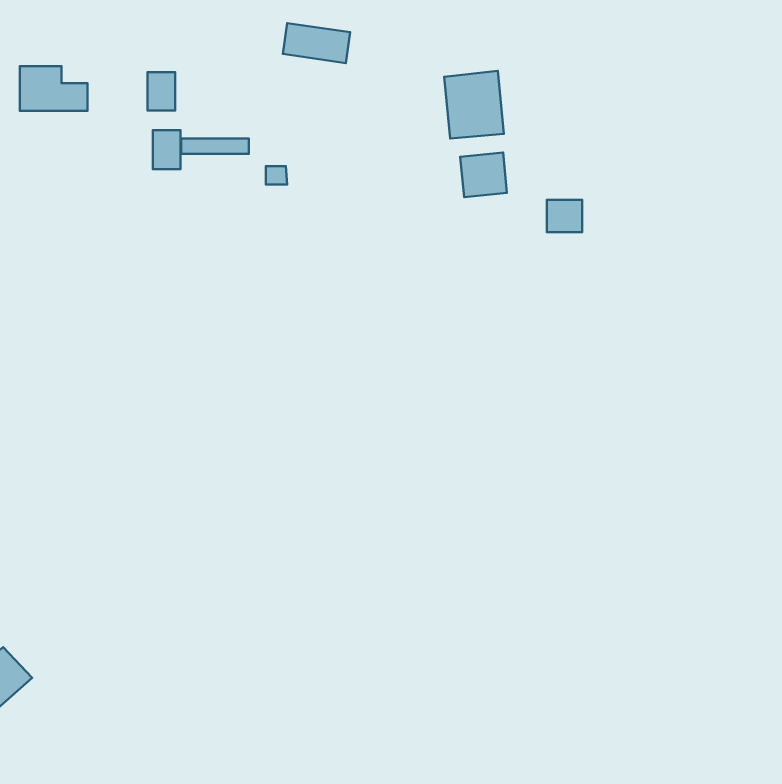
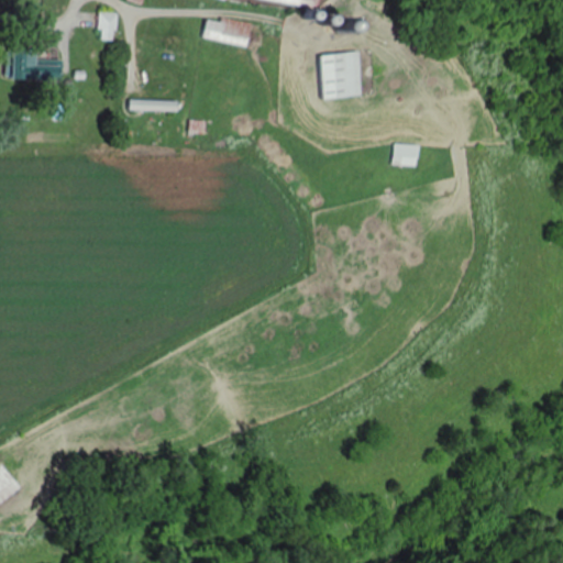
building: [147,72,175,111] -> [97,12,117,40]
building: [153,130,180,169] -> none
building: [460,153,507,197] -> none

